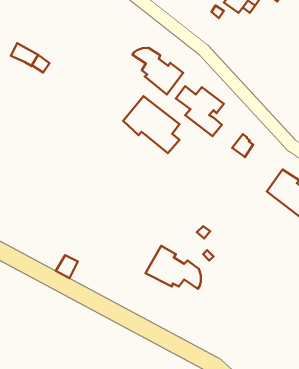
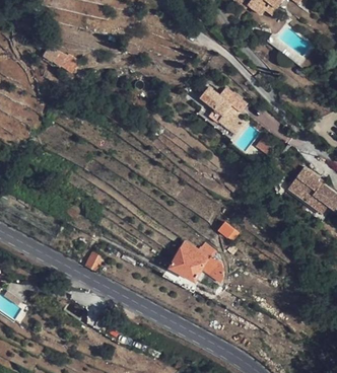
building: [132,48,183,94] -> none
building: [123,96,180,153] -> none

